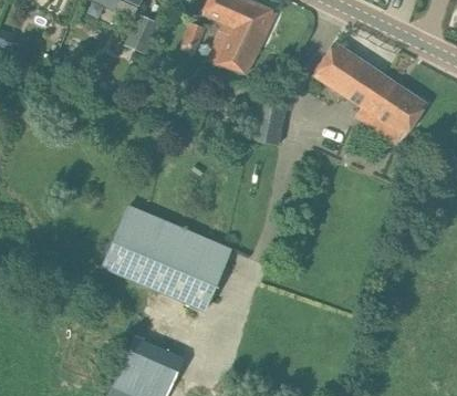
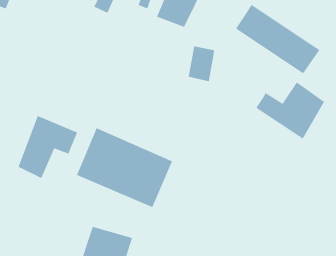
building: none -> [256,82,325,140]
building: none -> [18,115,78,179]

